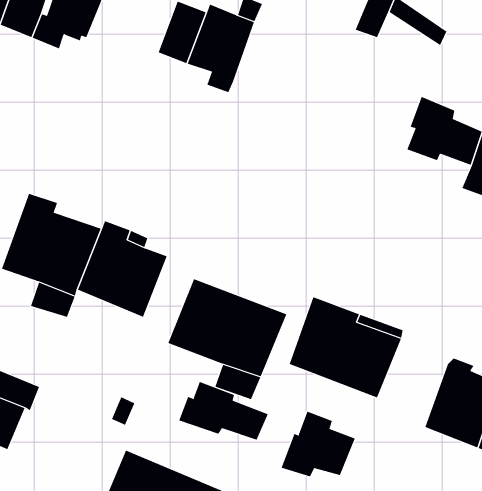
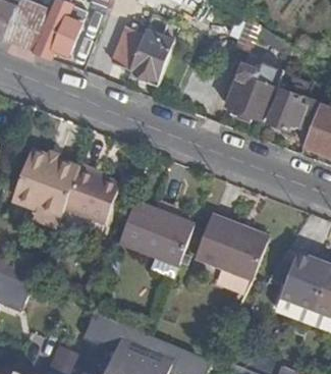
building: none -> [227,62,285,118]
building: [178,381,268,440] -> none
building: [281,411,356,477] -> none

